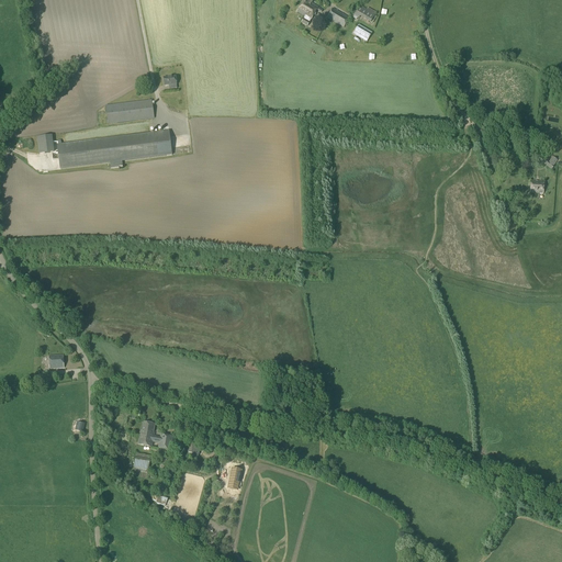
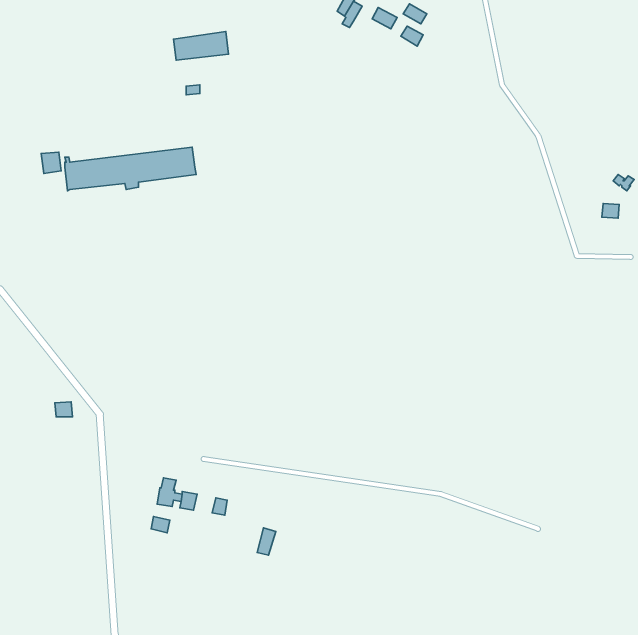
building: [105,98,154,123] -> [174,32,228,60]

